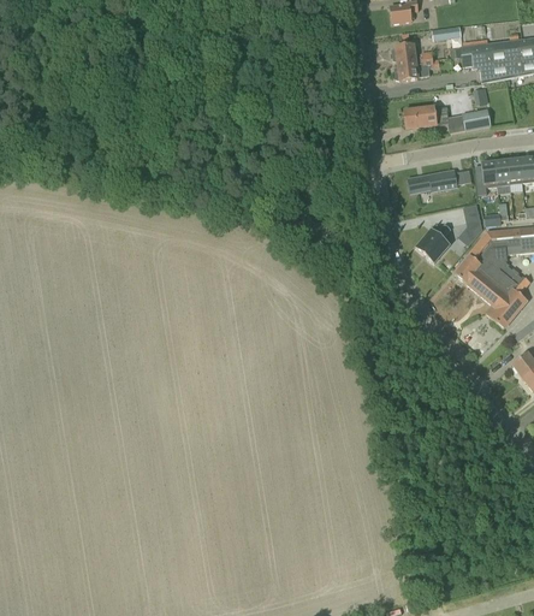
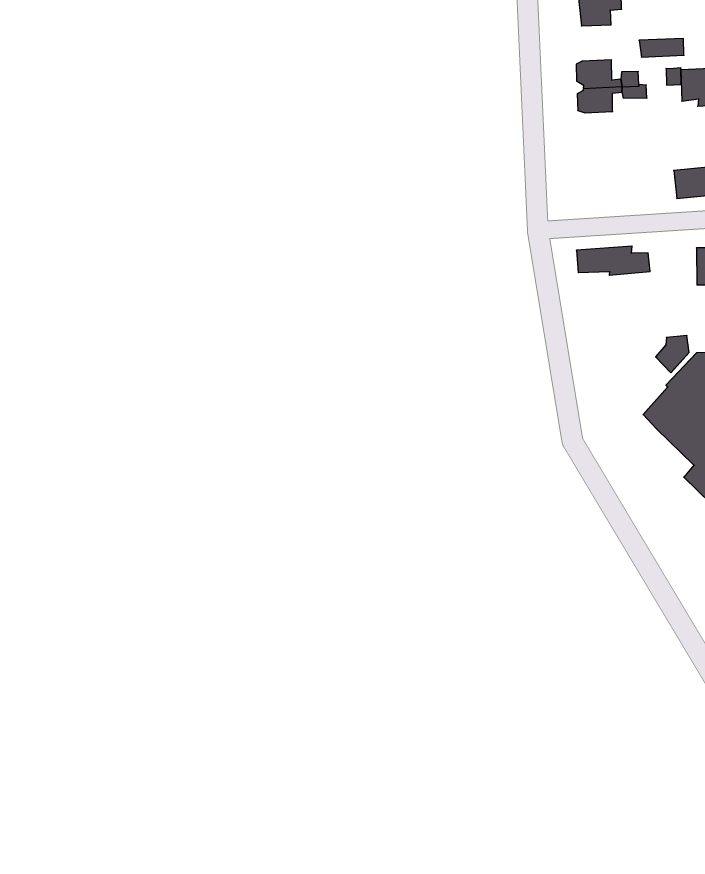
building: [403,106,449,130] -> none
building: [415,224,450,263] -> none

